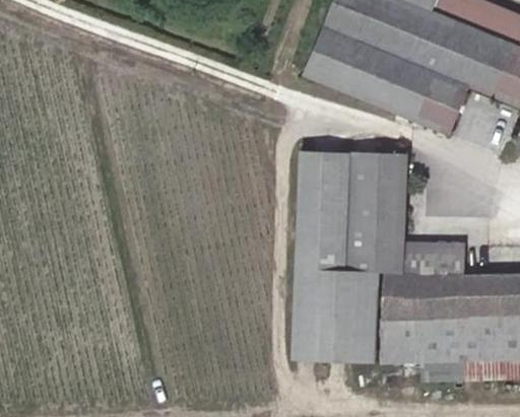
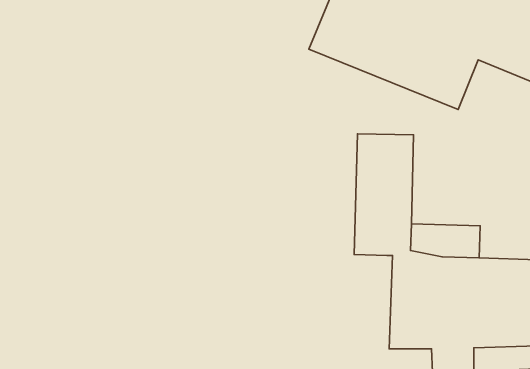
building: [292,152,379,363] -> none

